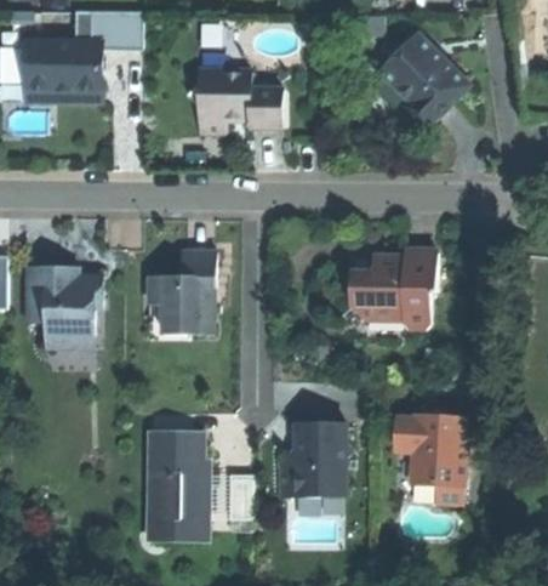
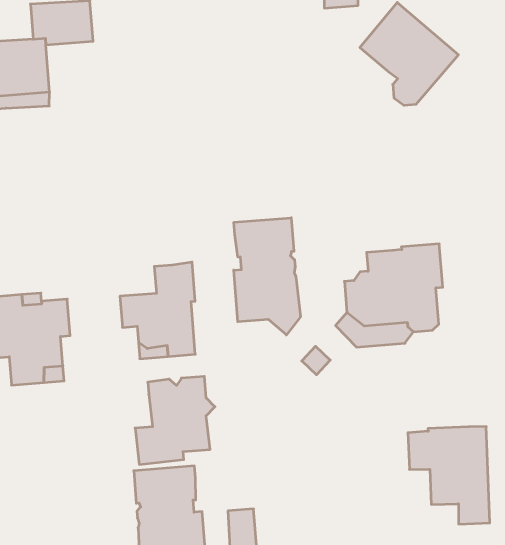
building: [187,69,281,131] -> none
building: none -> [234,218,300,335]
building: [279,422,352,496] -> [135,376,215,464]

